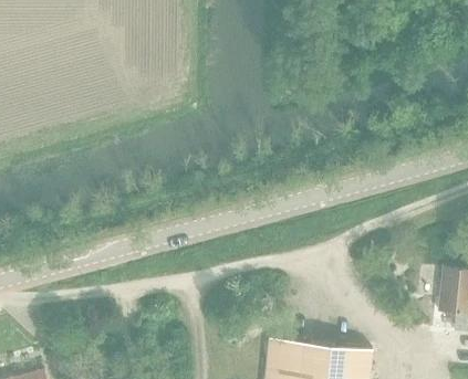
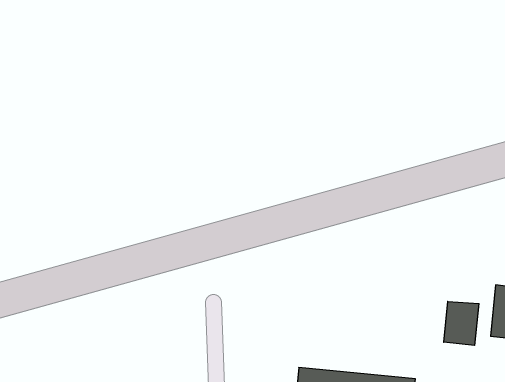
building: none -> [444,301,479,345]

